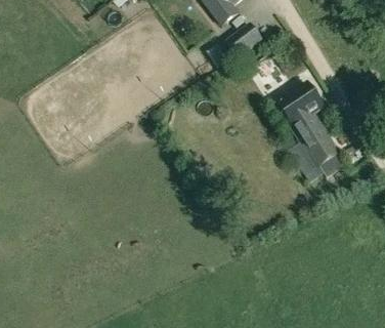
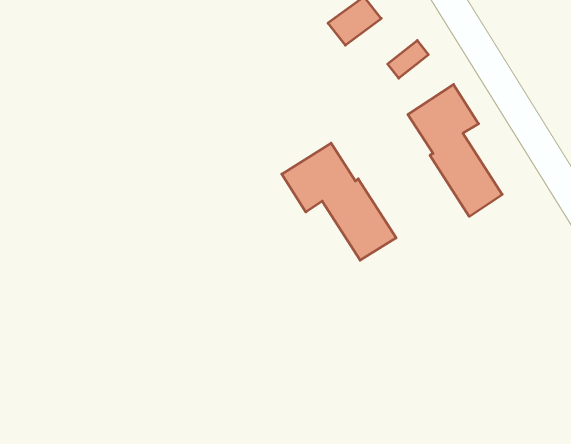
building: none -> [282,143,396,260]

